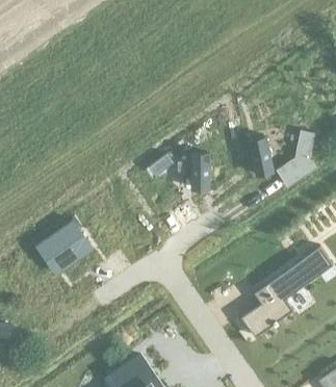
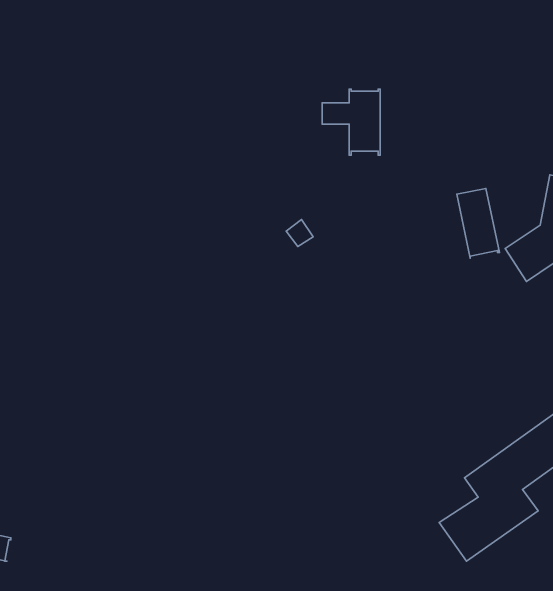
building: [177,153,208,188] -> [322,89,380,155]
building: [34,221,92,269] -> none

